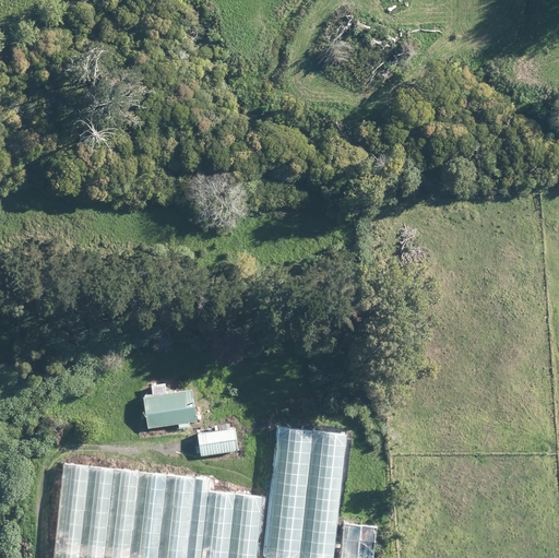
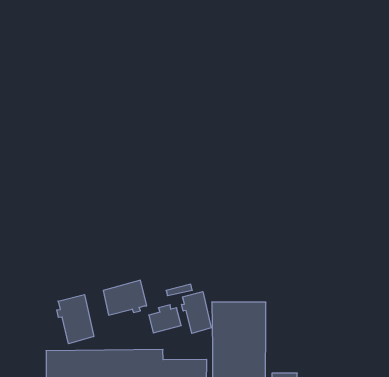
building: none -> [57,295,94,344]
building: none -> [182,292,211,333]

